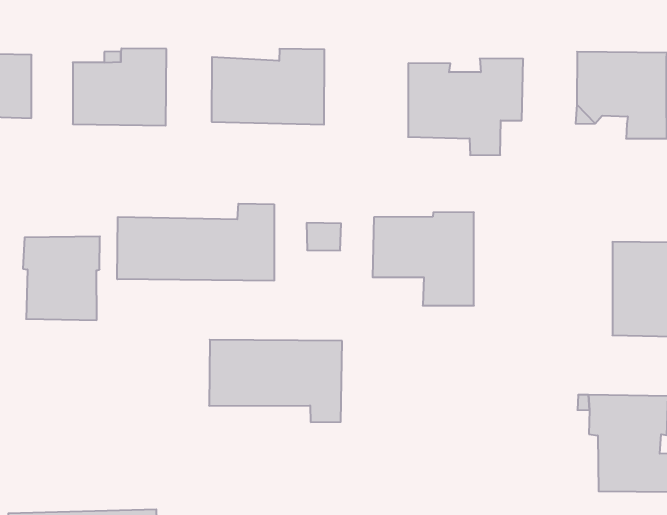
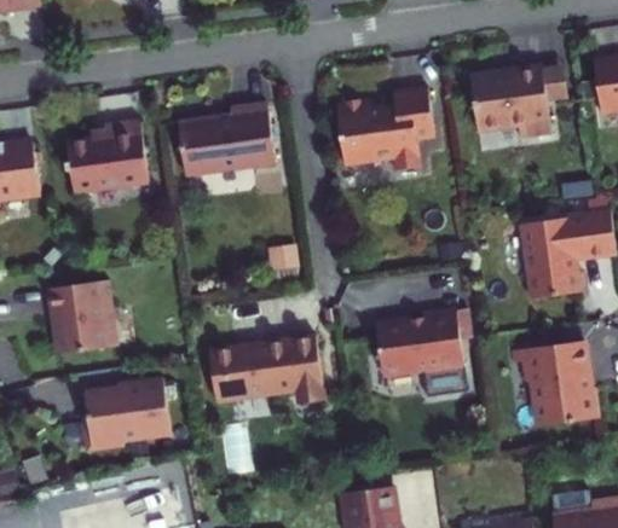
building: [117,204,274,281] -> none
building: [373,212,474,306] -> [376,309,467,390]
building: none -> [83,377,172,449]

